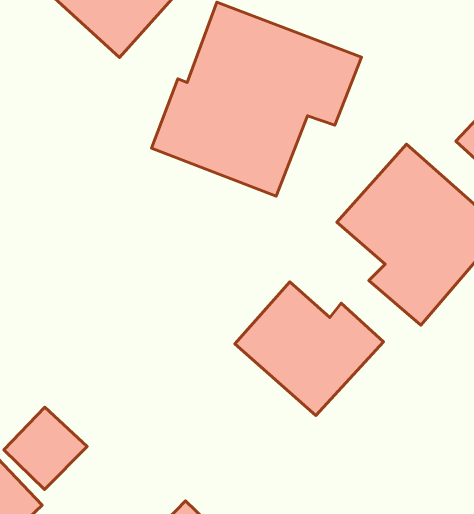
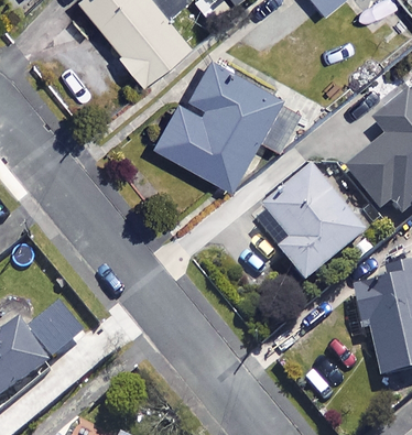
building: [235,282,384,415] -> none

